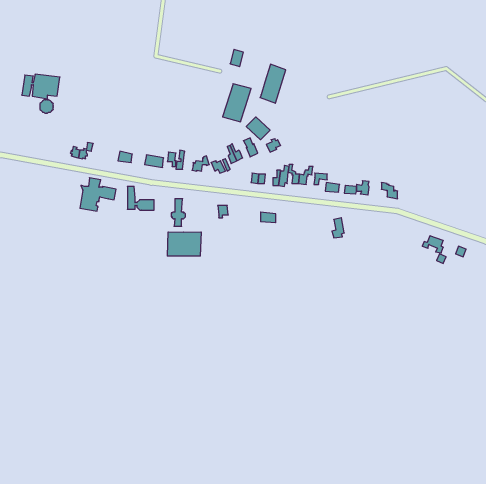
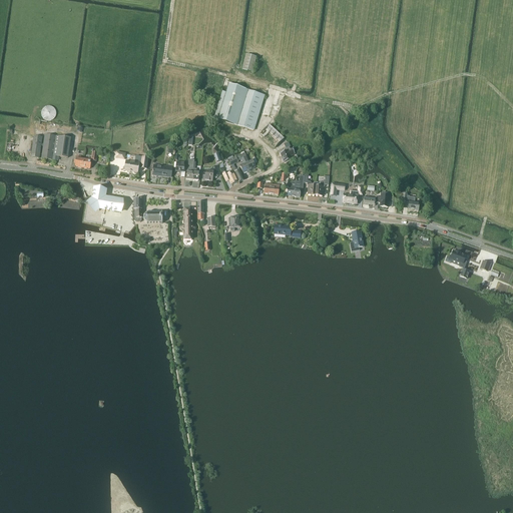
building: [260,64,286,103] -> [218,82,245,123]
building: [22,74,60,99] -> [31,133,71,159]
building: [167,232,201,256] -> none

